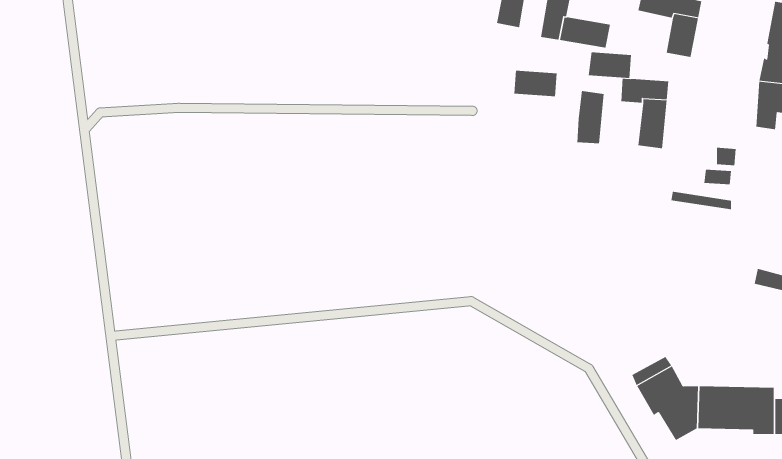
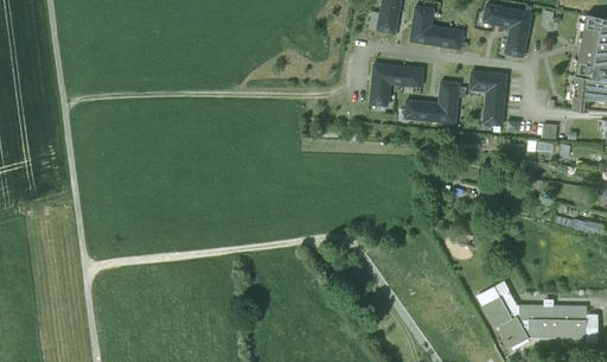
building: [588,52,632,79] -> [404,101,437,121]
building: none -> [370,64,390,106]

